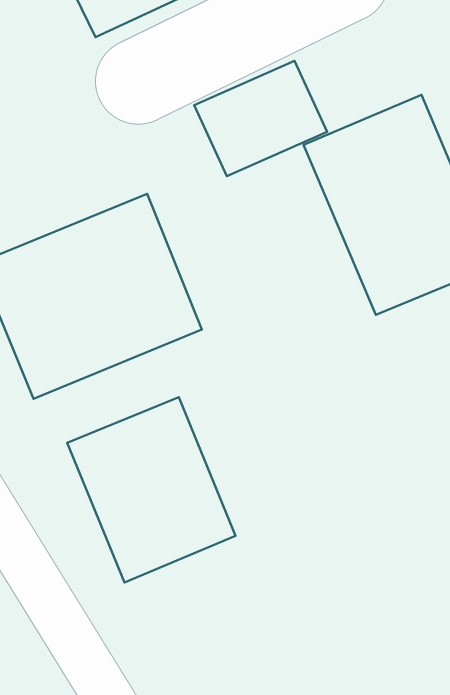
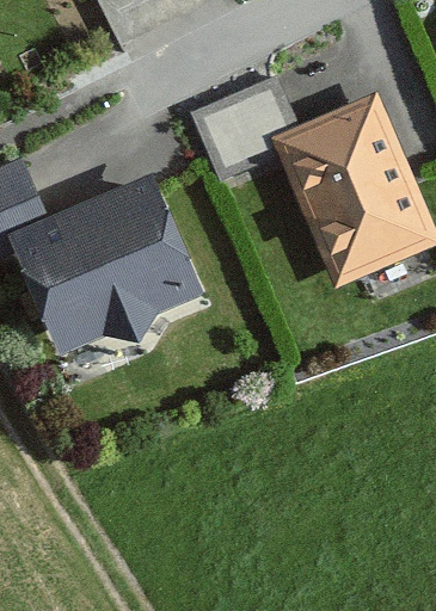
building: [67,397,236,582] -> none

